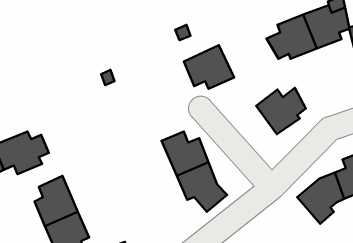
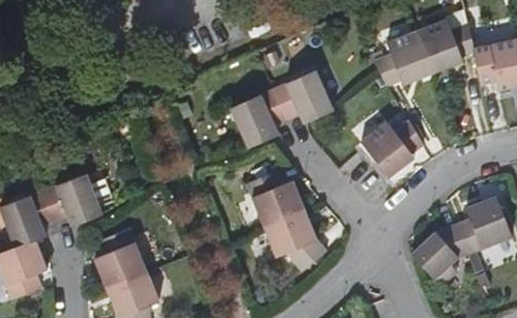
building: none -> [233,89,286,146]

